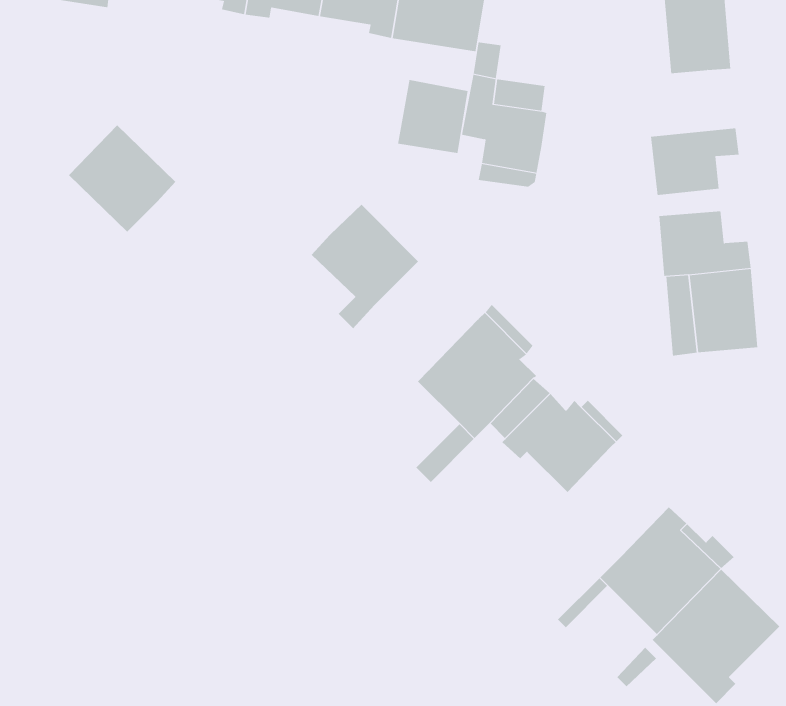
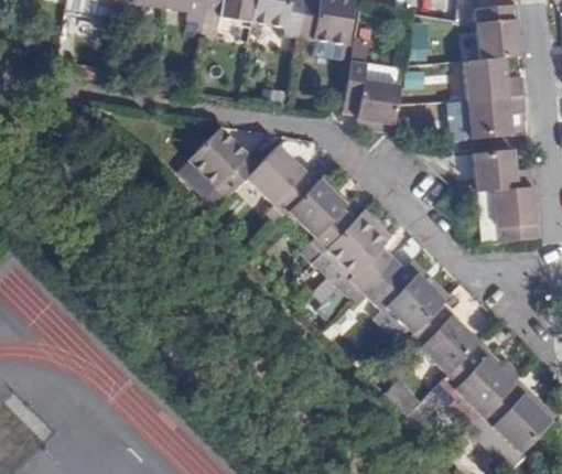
building: none -> [463,56,522,99]
building: [398,79,468,154] -> none
building: [68,124,176,233] -> [186,126,257,196]
building: none -> [287,176,354,251]
building: none -> [408,302,478,374]

